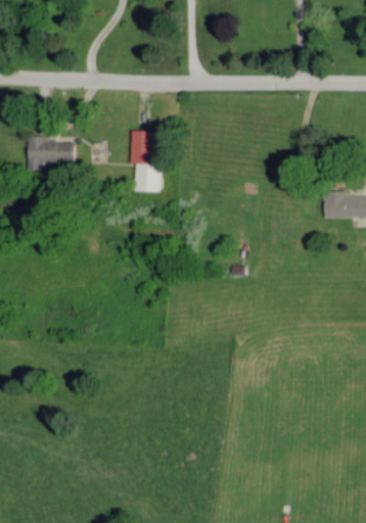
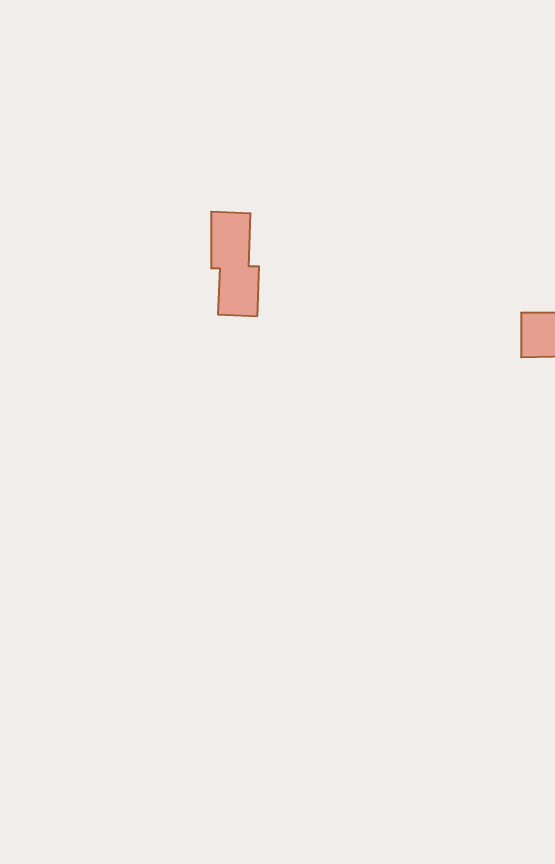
building: [30,136,76,167] -> none

